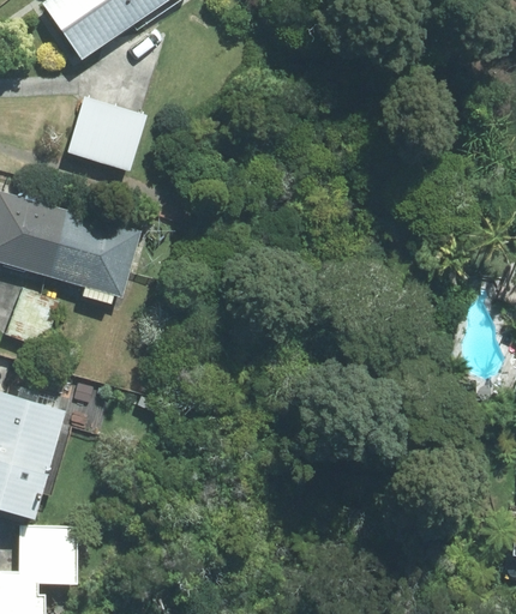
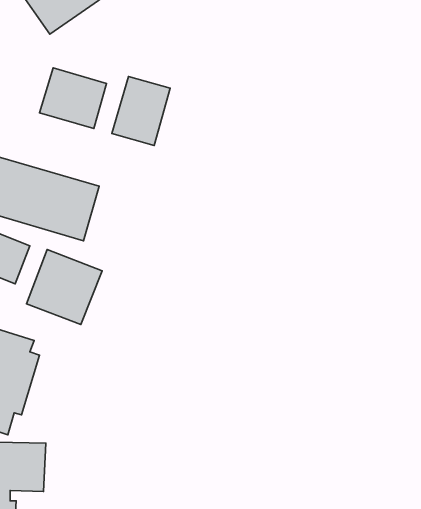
building: none -> [112,76,170,146]
building: none -> [27,249,102,325]

